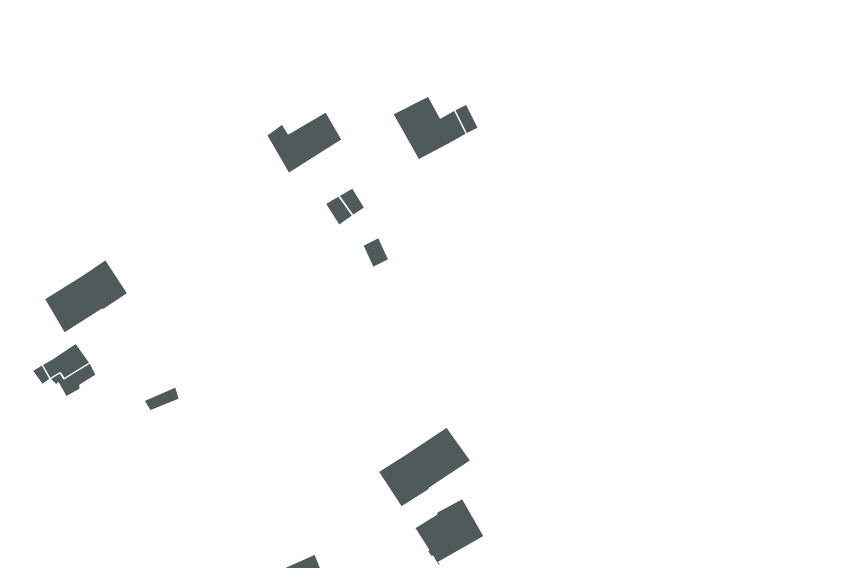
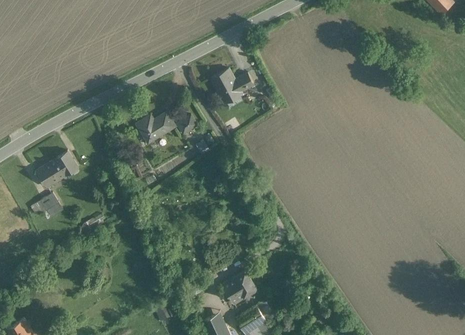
building: [266,112,342,174] -> [137,111,175,142]
building: [378,427,471,507] -> none

